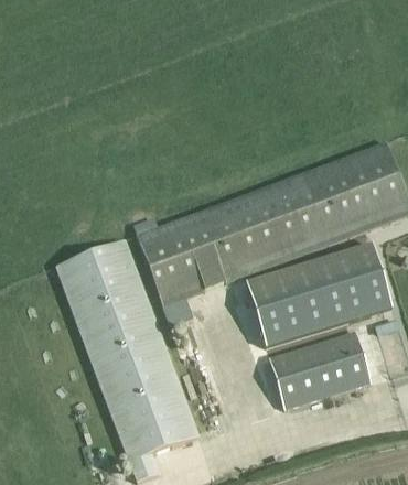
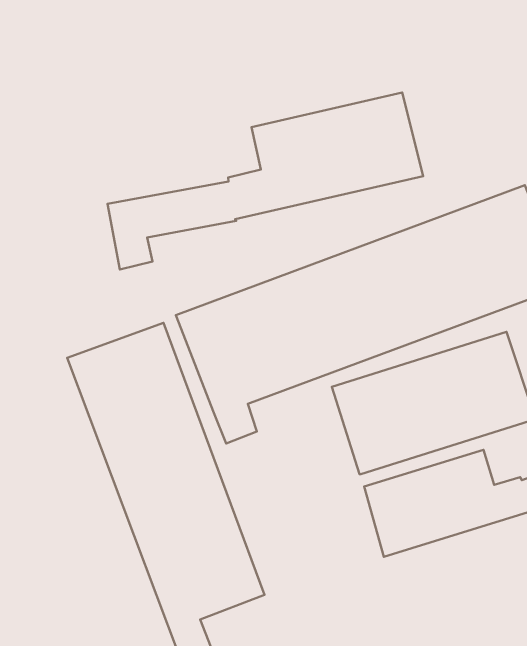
building: none -> [108,92,423,269]

